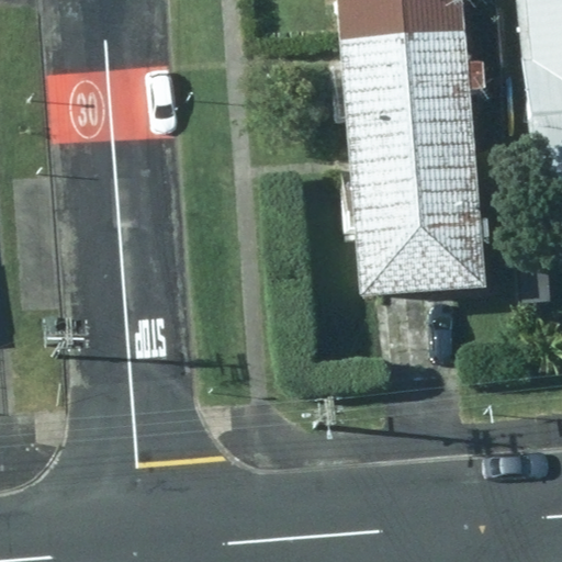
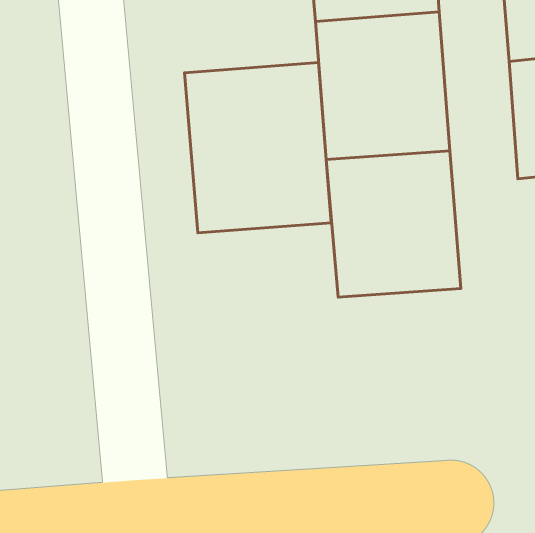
building: none -> [184,62,331,233]

